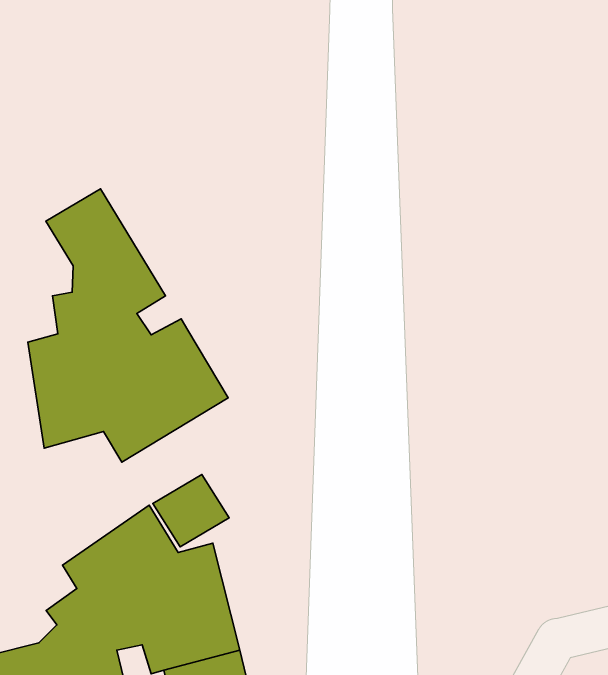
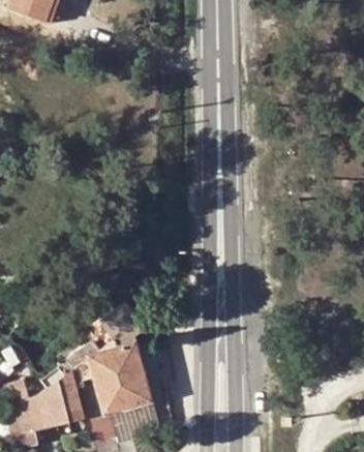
building: [28,189,228,462] -> none

